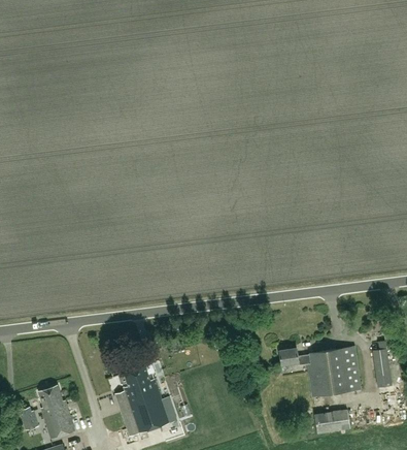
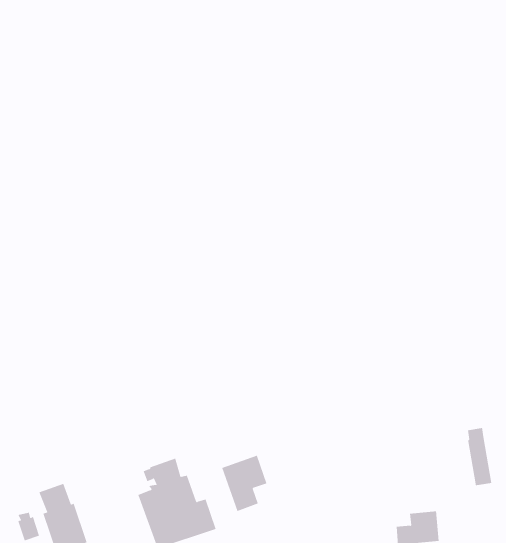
building: [278,347,361,397] -> none
building: none -> [222,455,267,512]

